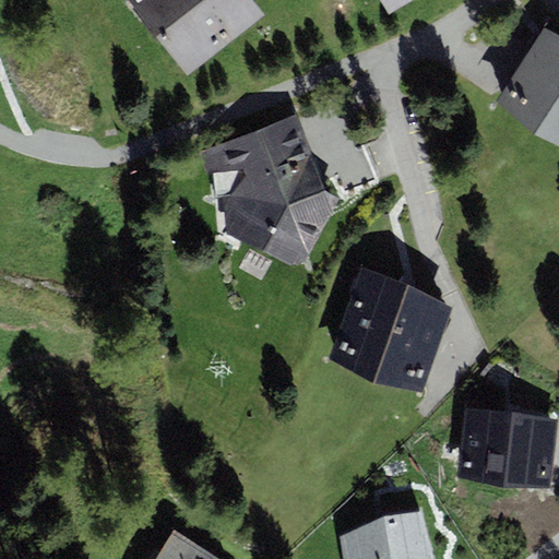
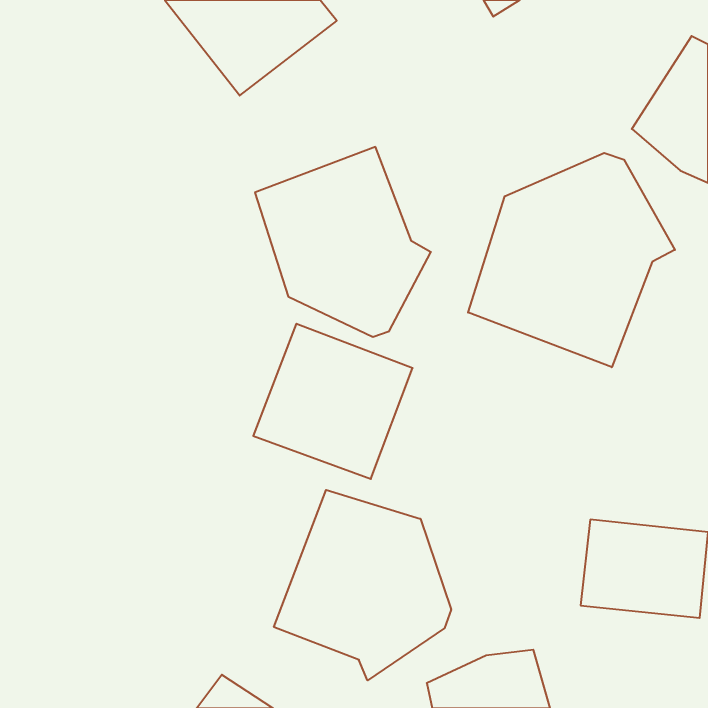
building: none -> [468,153,675,367]
building: [328,270,453,392] -> [253,324,413,479]
building: none -> [274,490,451,680]

